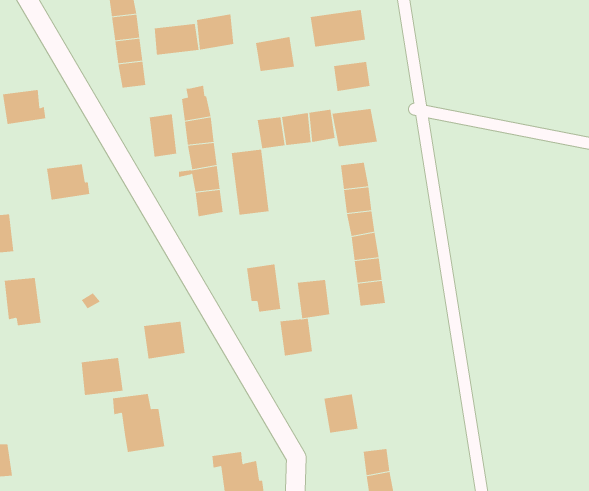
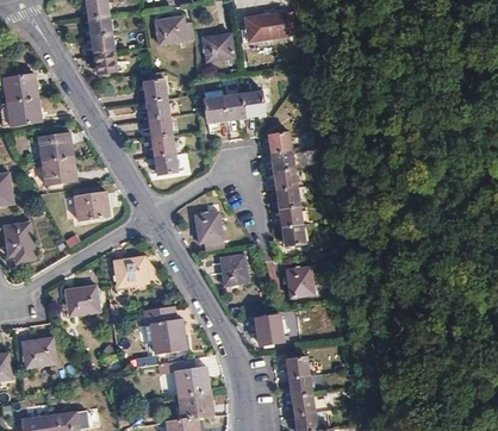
building: [154,23,199,56] -> none
building: [333,61,370,92] -> none
building: [332,108,378,147] -> none
building: [149,114,177,157] -> none
building: none -> [7,98,39,126]
building: [231,149,269,216] -> none
building: none -> [42,157,75,185]
building: none -> [75,193,110,220]
building: [297,280,330,319] -> [287,267,313,298]
building: [112,394,165,453] -> [144,307,186,354]
building: none -> [23,338,57,367]

